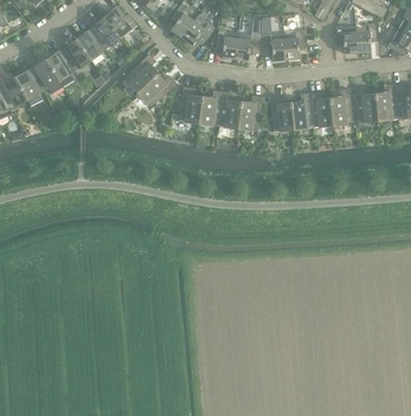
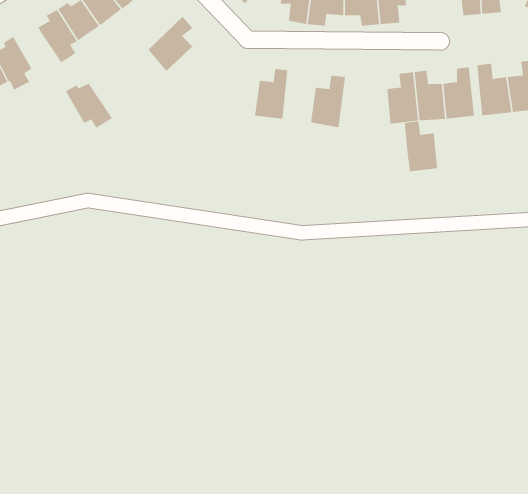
building: [27,60,60,92] -> [65,83,113,128]
building: [134,73,174,105] -> none
building: [175,85,199,122] -> none
building: [216,90,238,127] -> none
building: [266,95,290,130] -> [404,121,438,172]

